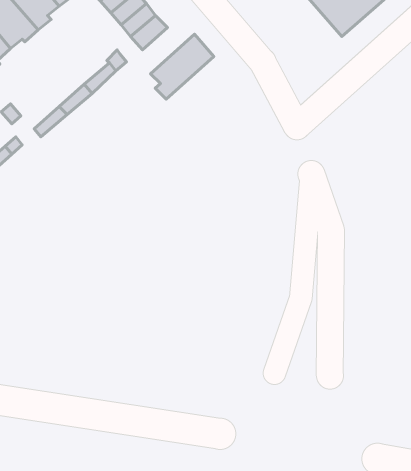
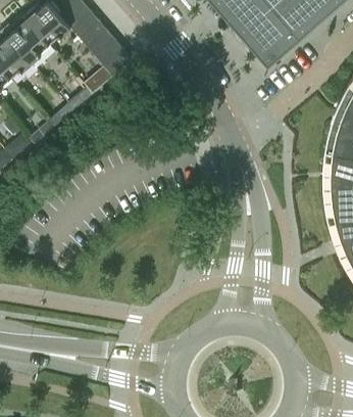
building: [151,34,214,99] -> none

